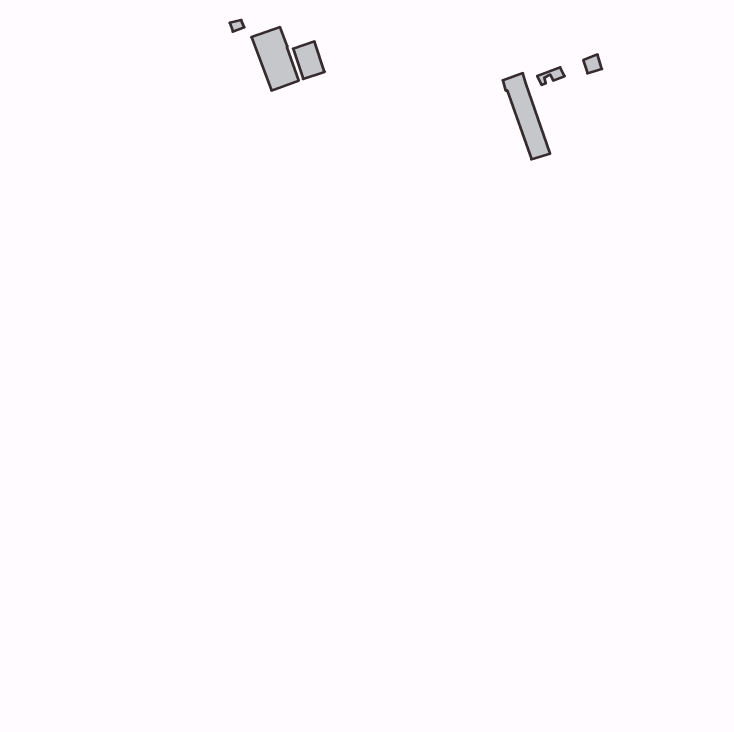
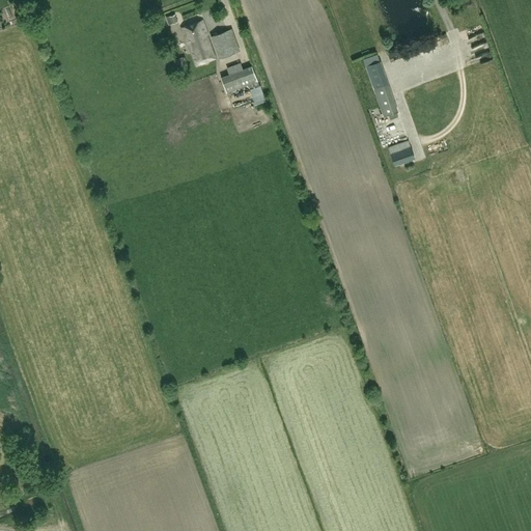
building: none -> [221,64,259,92]
building: none -> [388,139,414,165]

